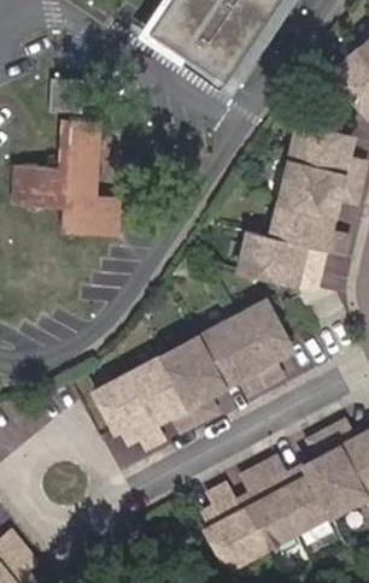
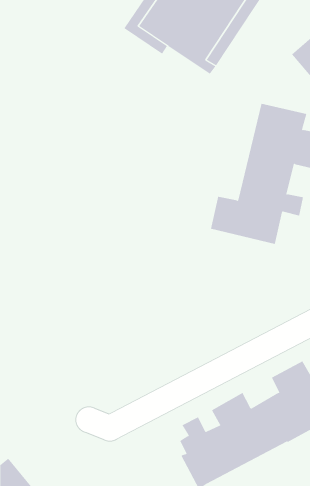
building: [10,122,116,234] -> none
building: [96,300,292,447] -> none

